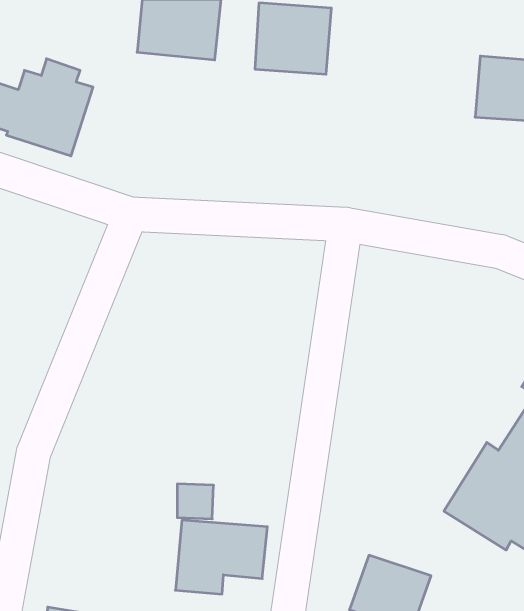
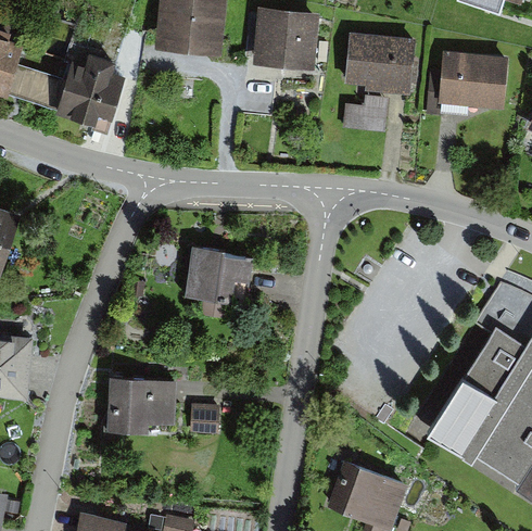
building: none -> [346,31,416,91]
building: none -> [344,94,389,131]
building: none -> [181,248,248,300]
building: [175,520,267,594] -> [101,378,178,440]

